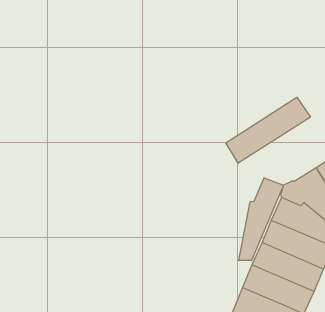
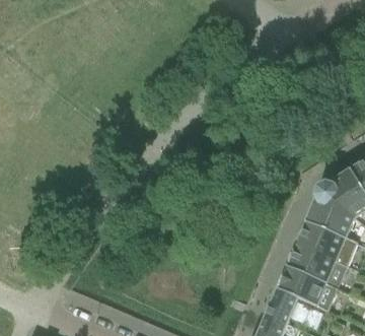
building: [226,97,310,163] -> none
building: [239,178,283,261] -> none

